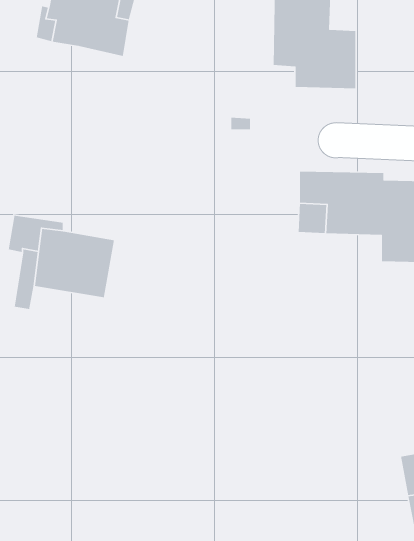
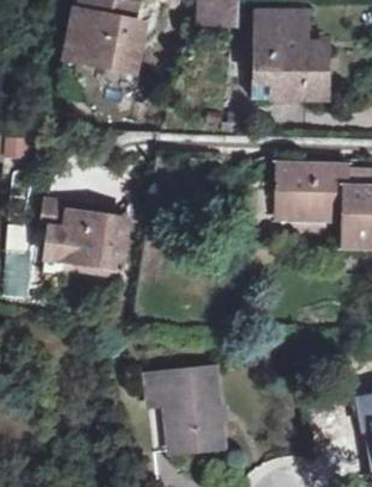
building: none -> [147,372,221,451]

